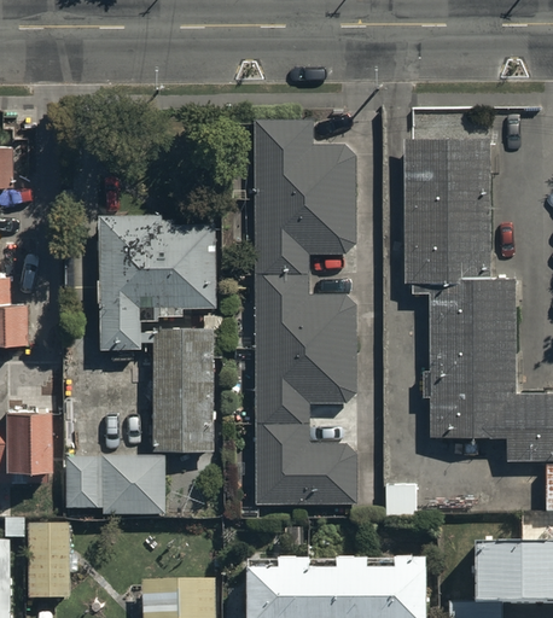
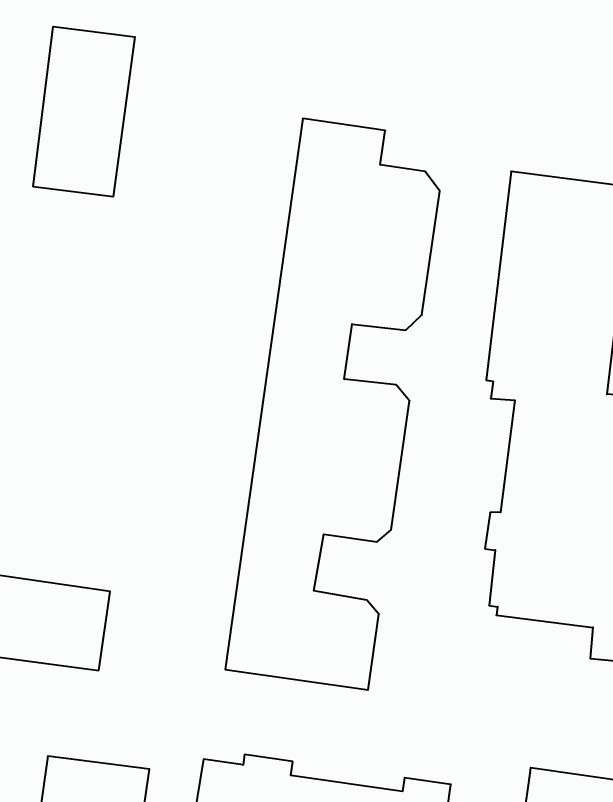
building: none -> [33,27,135,197]
building: [94,220,214,354] -> none
building: [158,331,214,448] -> none

